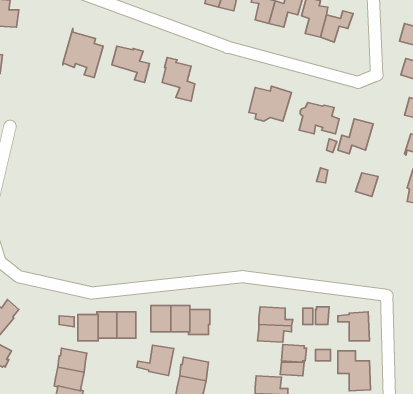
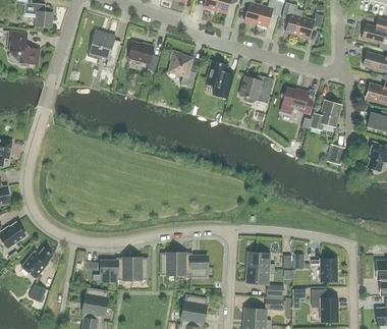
building: none -> [206,61,233,98]
building: [137,345,174,376] -> none

